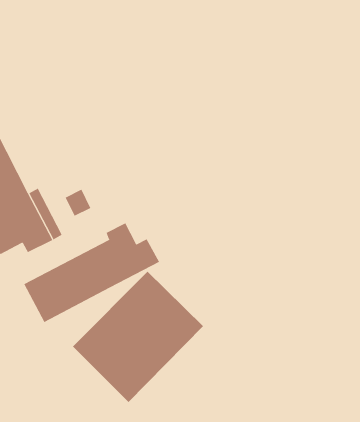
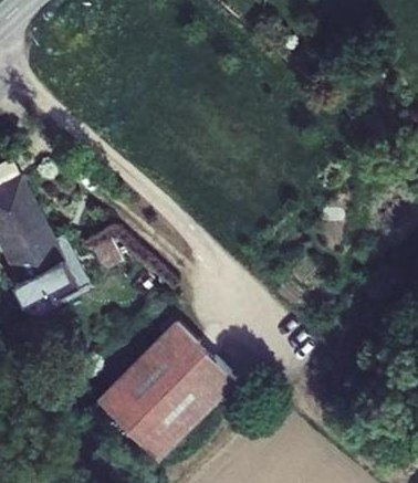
building: [24,223,160,323] -> none

